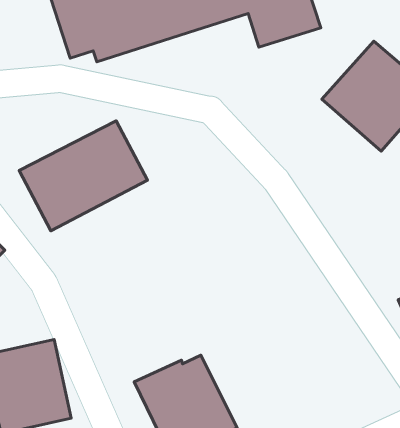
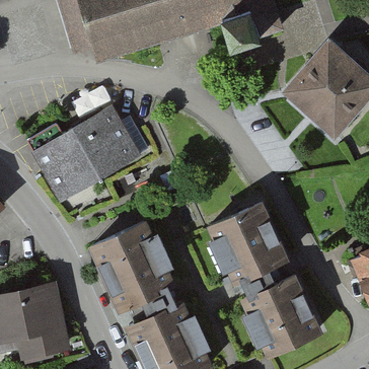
building: none -> [208,201,287,284]
building: none -> [88,221,168,307]
building: none -> [239,273,321,357]

